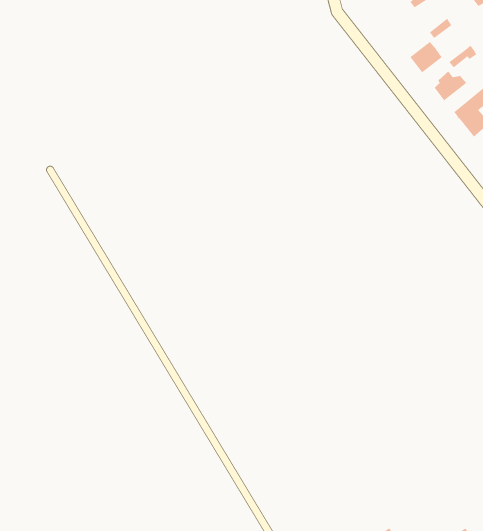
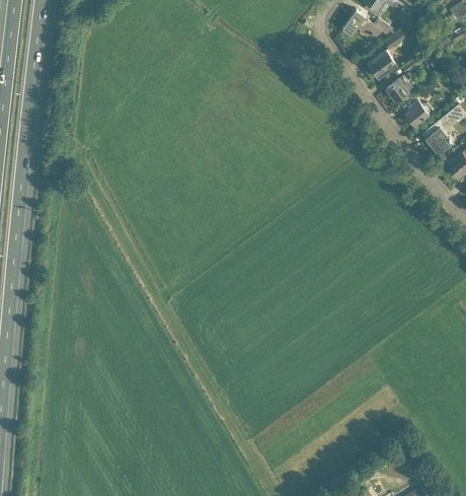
building: none -> [367,51,396,78]

